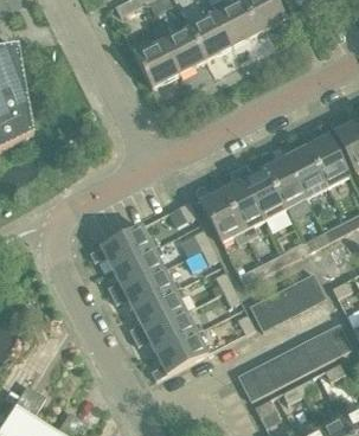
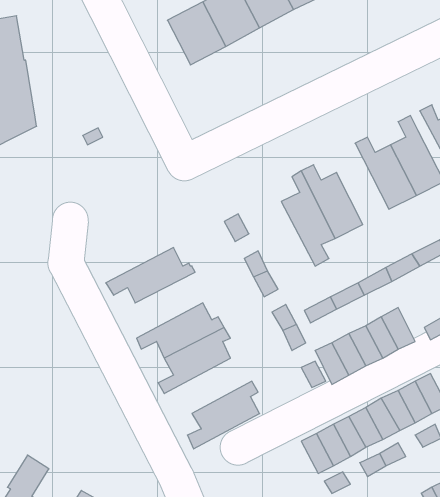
building: [265,145,306,207] -> none
building: [195,184,249,244] -> none
building: [107,244,162,295] -> none
building: [133,310,200,353] -> none

